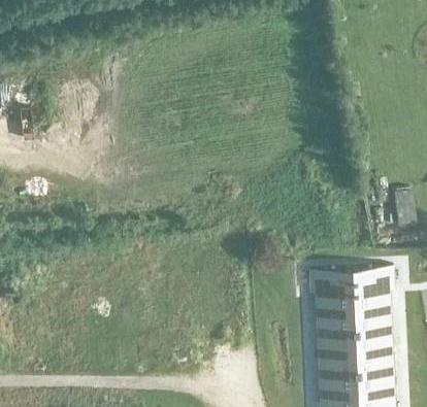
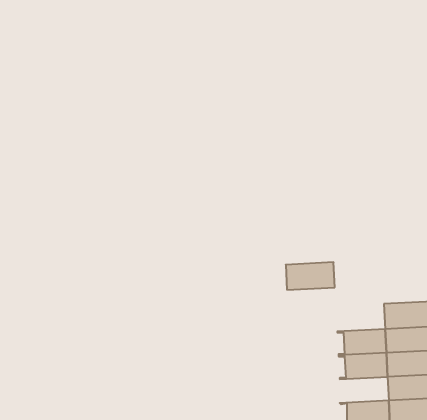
building: [309,269,352,293] -> [286,262,335,290]
building: [313,332,355,354] -> none

